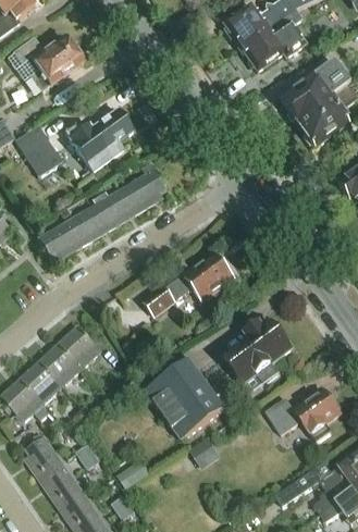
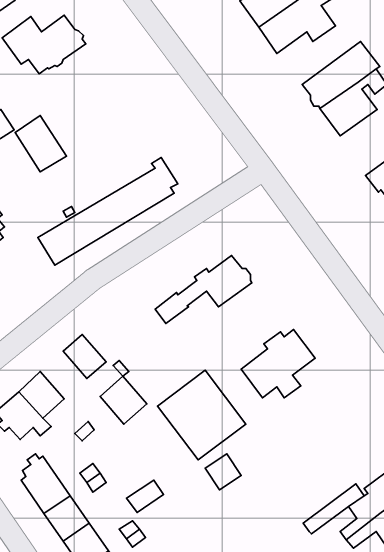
building: [67,109,132,171] -> none
building: [40,341,83,384] -> [100,376,147,424]
building: [266,392,341,443] -> none

